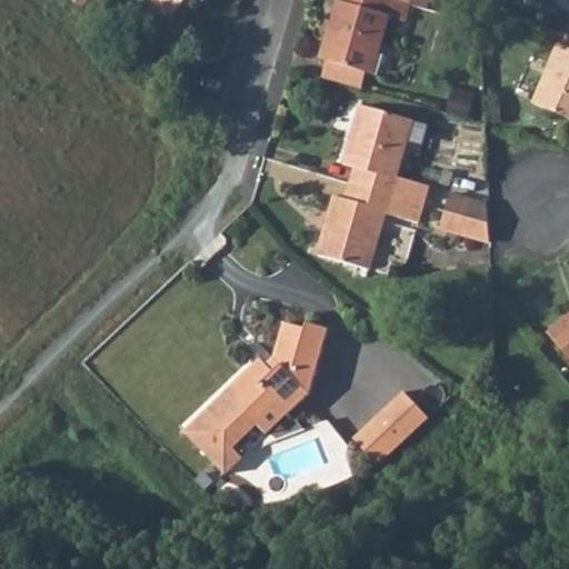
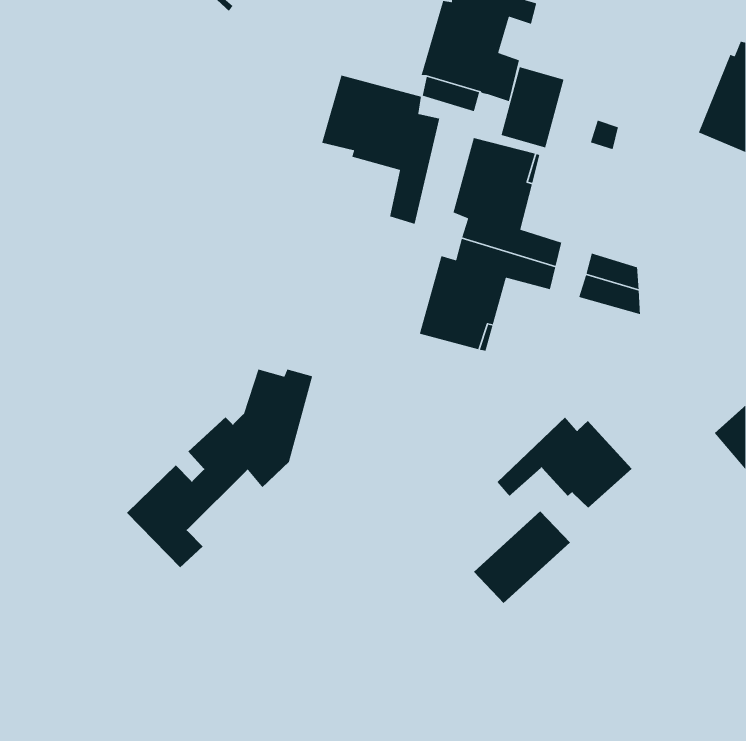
building: none -> [500,66,565,149]
building: none -> [321,74,440,225]
building: none -> [496,417,632,509]
building: [184,320,327,472] -> [126,368,313,568]

